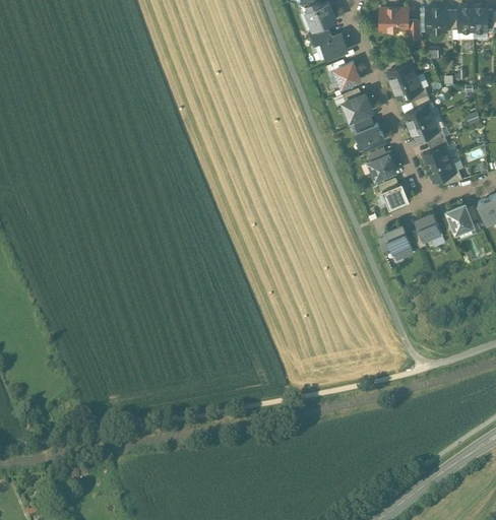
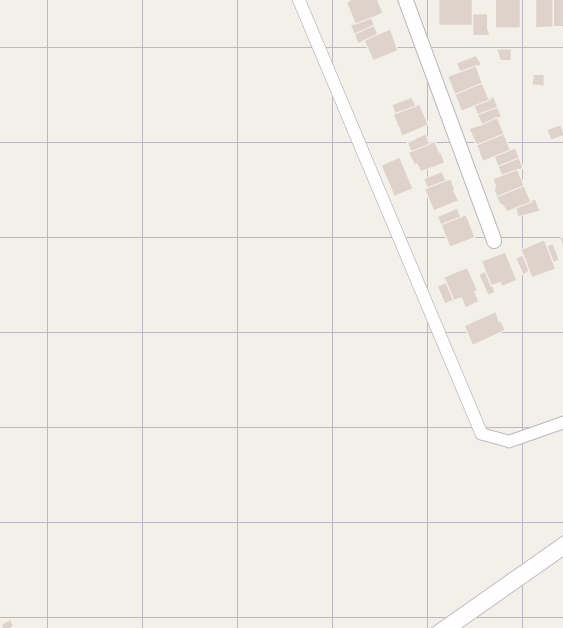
building: [334,63,360,89] -> none
building: none -> [381,157,413,196]
building: none -> [464,312,505,345]

